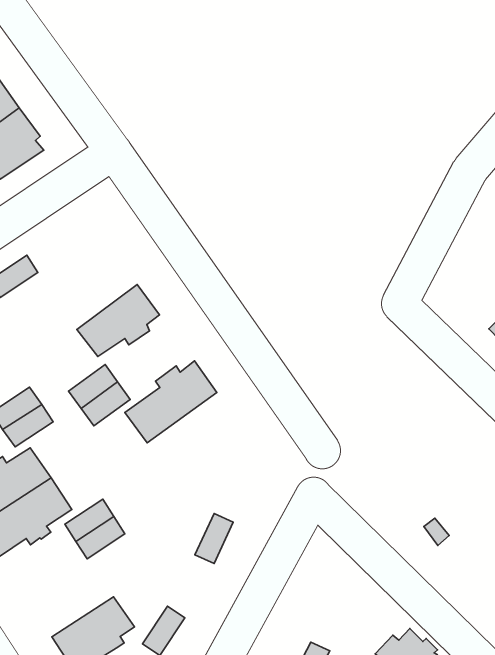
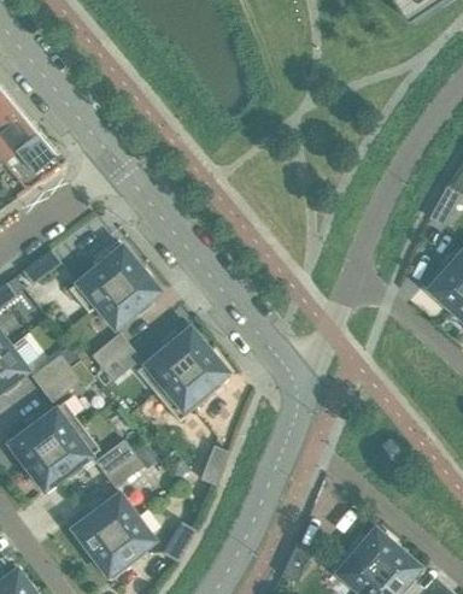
building: none -> [70,245,141,312]
building: none -> [157,349,229,420]
building: none -> [72,493,137,552]

